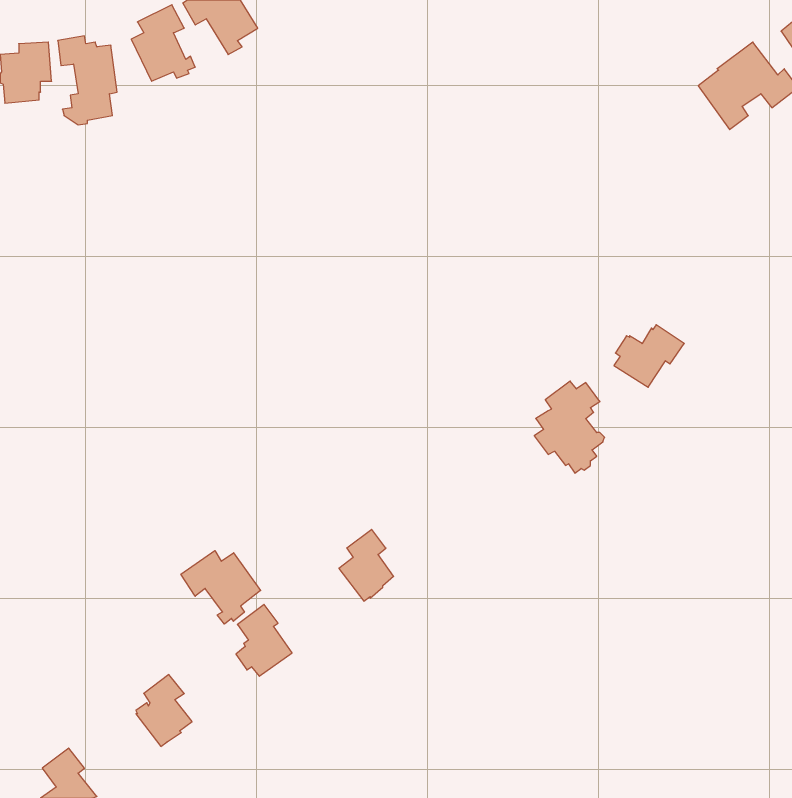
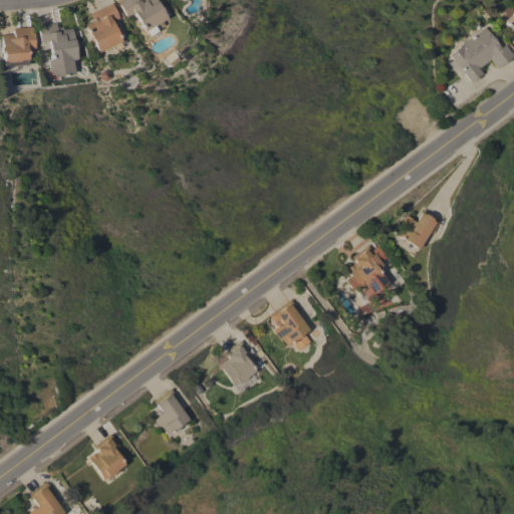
building: none -> [271,299,311,348]
building: [181,551,261,624] -> none

